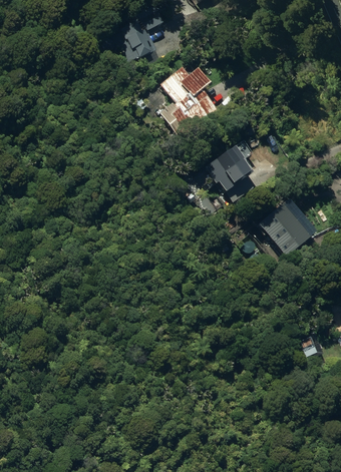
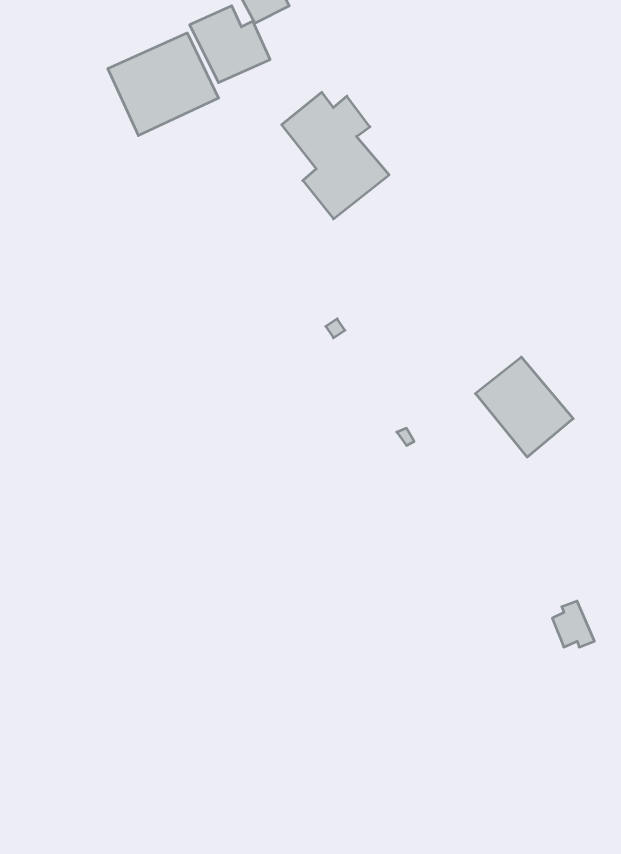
building: none -> [108,33,219,136]
building: [206,146,252,190] -> none

